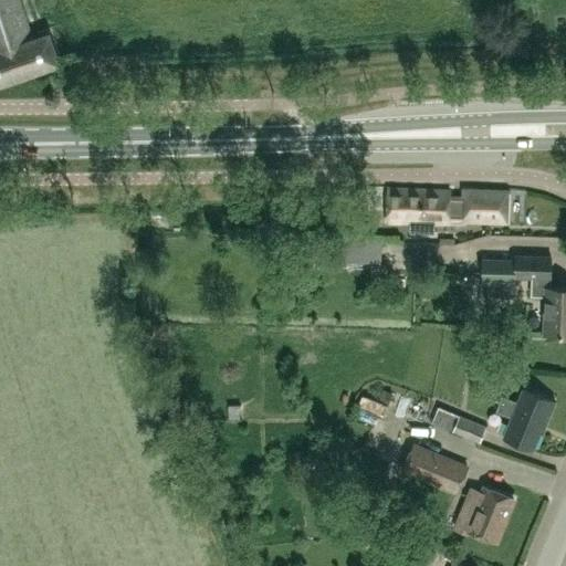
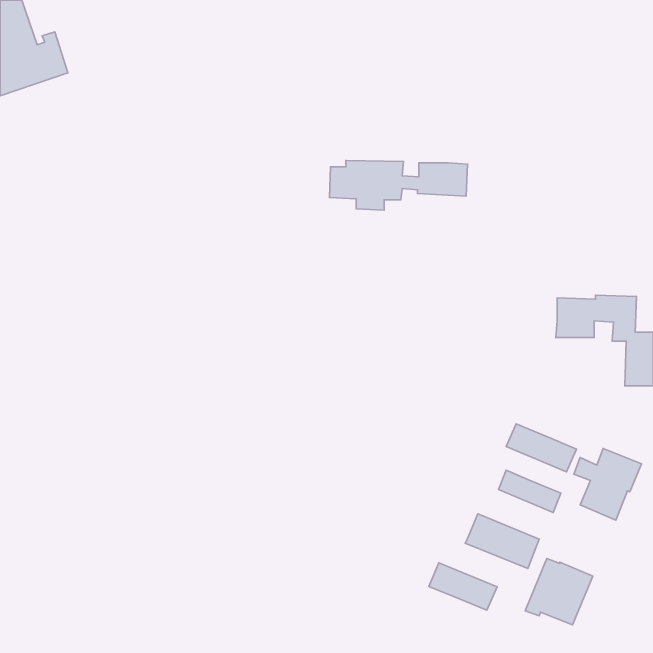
building: [386,189,505,232] -> [329,160,467,210]
building: none -> [506,424,576,472]
building: none -> [429,563,497,610]

